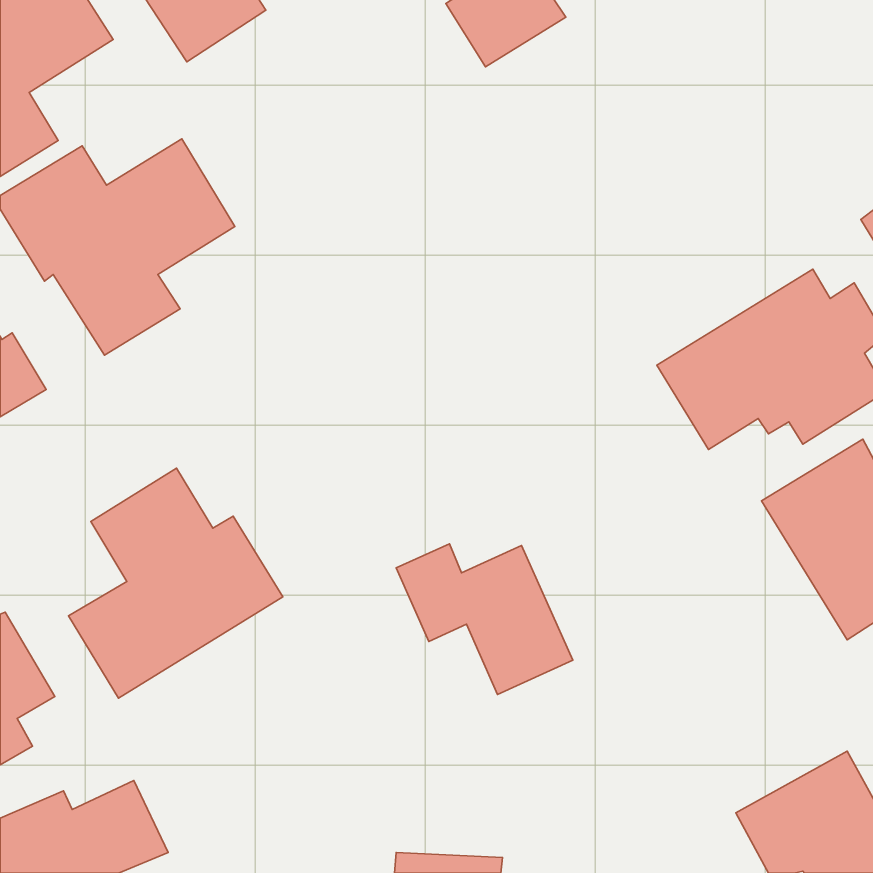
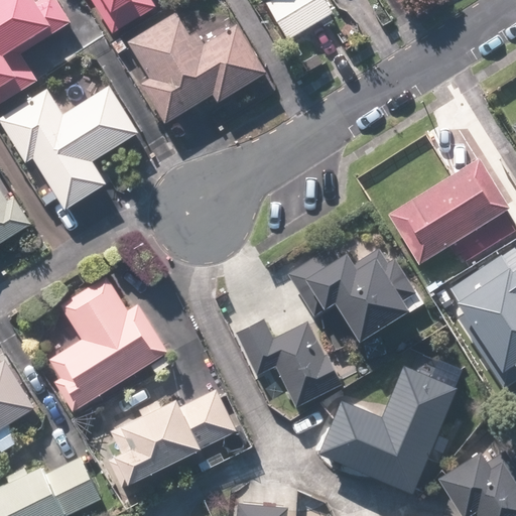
building: none -> [126,13,270,125]
building: none -> [284,239,422,344]
building: none -> [319,364,458,495]
building: none -> [100,392,237,487]

